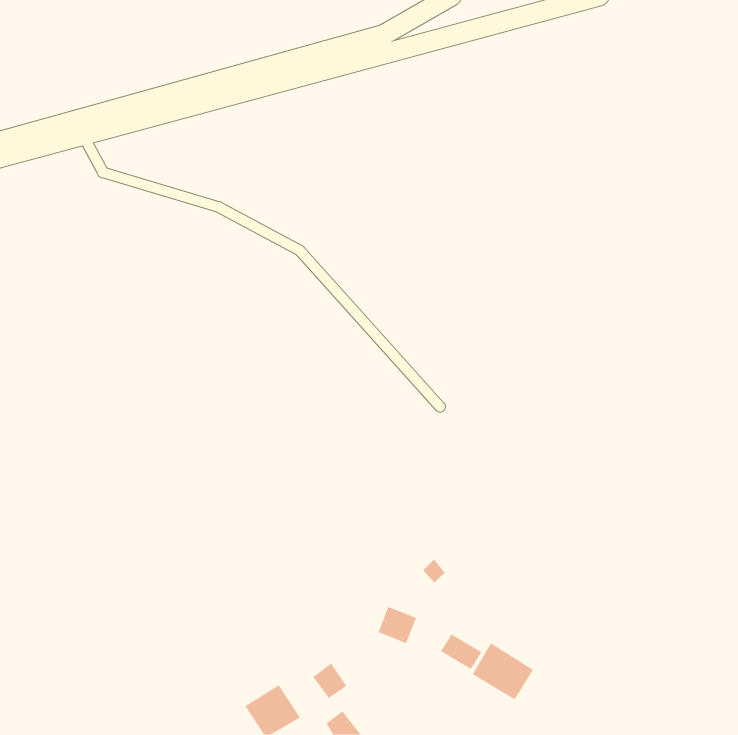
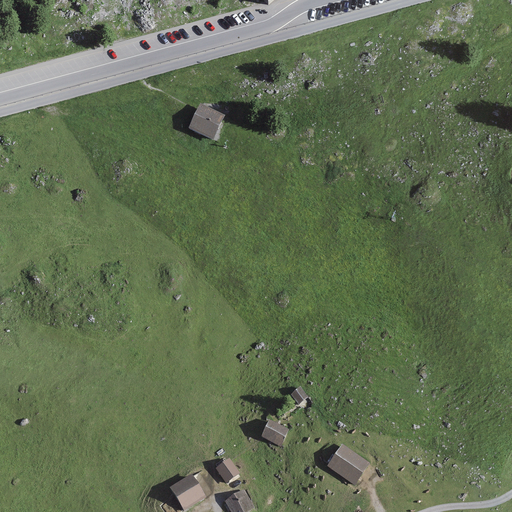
building: none -> [190,103,224,137]
building: [440,633,482,670] -> none

